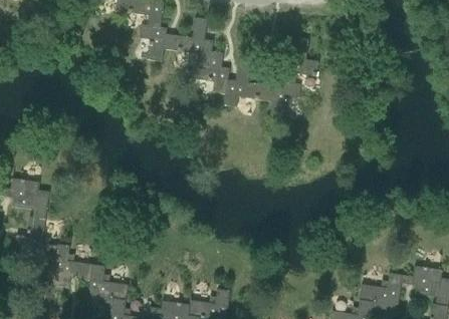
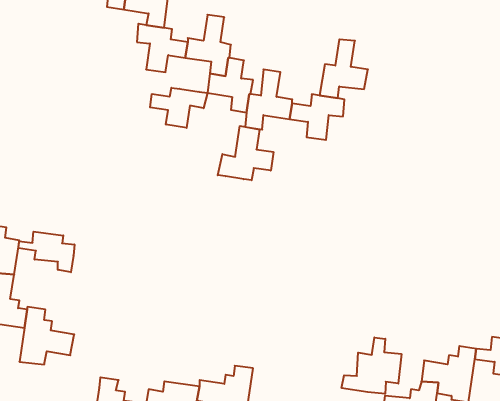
building: none -> [150,88,207,128]
building: none -> [218,126,273,180]
building: none -> [18,232,74,272]
building: [86,264,129,307] -> none
building: none -> [342,337,401,394]

